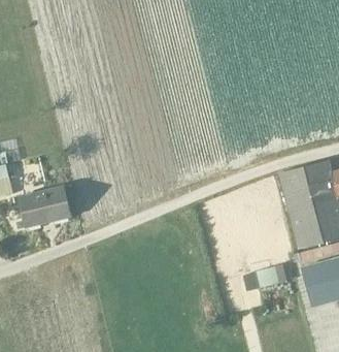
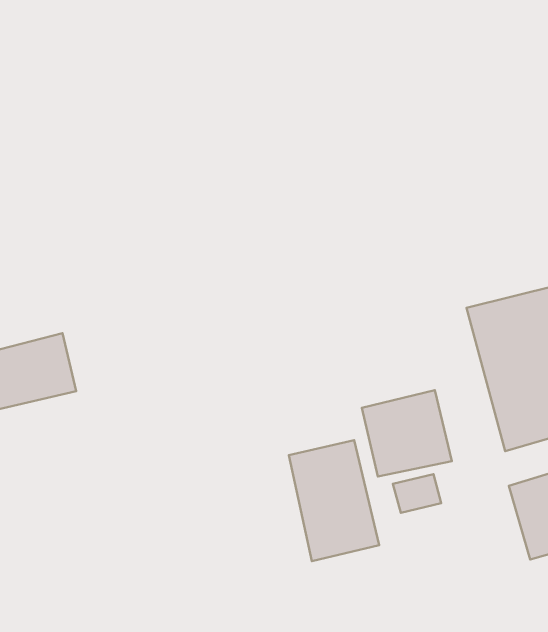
building: none -> [362,390,452,477]
building: none -> [289,440,379,561]

